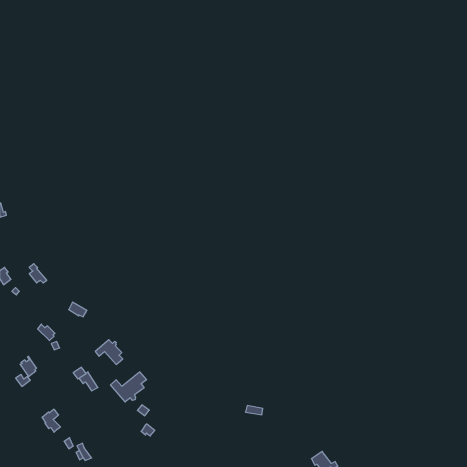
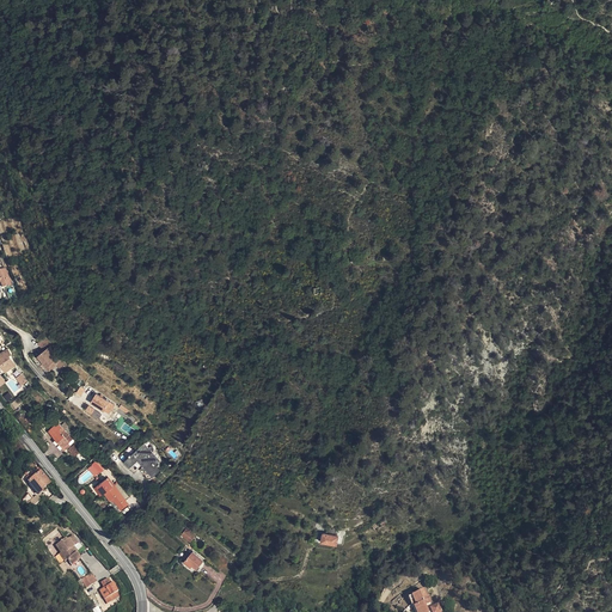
building: [110,372,147,402] -> none

